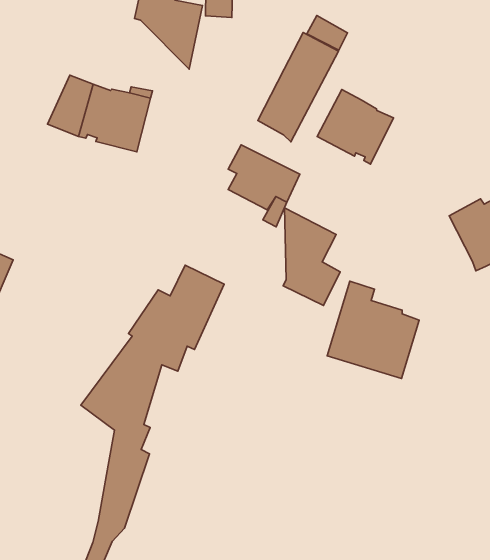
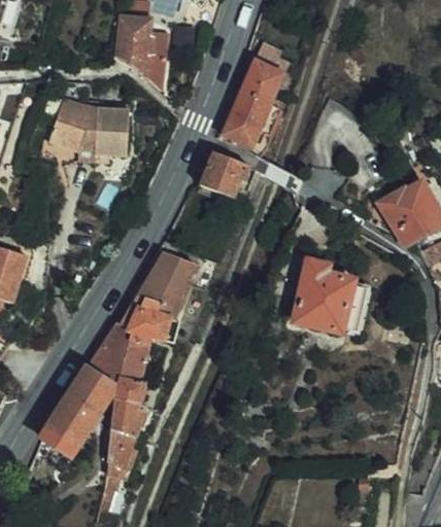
building: [317,90,394,164] -> none
building: [283,208,340,305] -> none
building: none -> [44,371,118,458]

